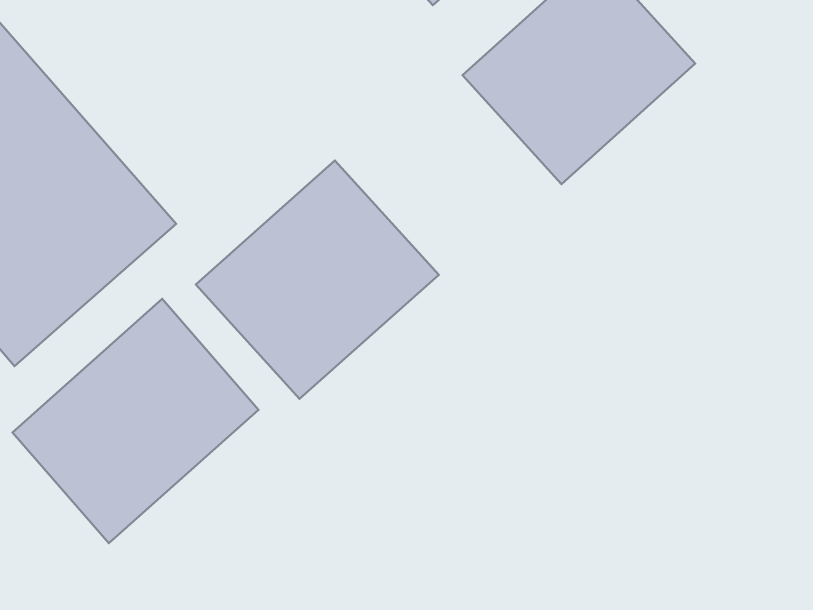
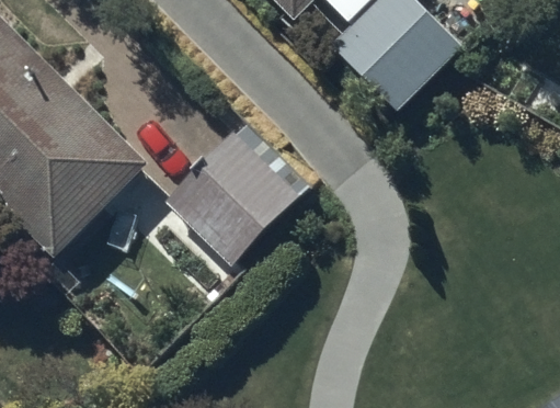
building: [12,299,259,543] -> none

